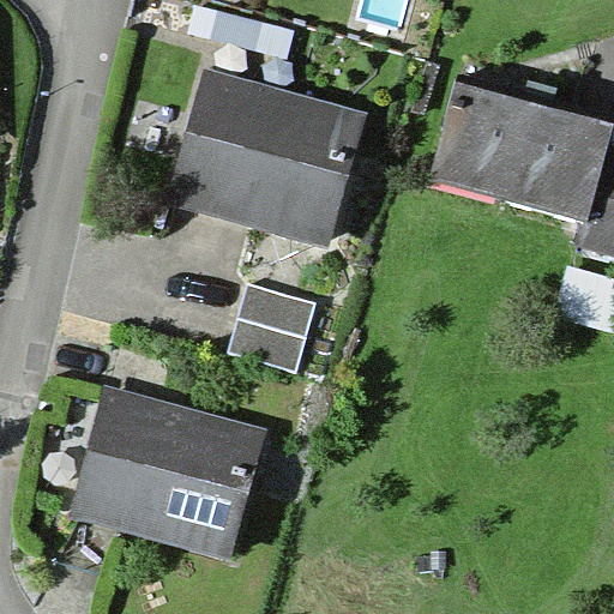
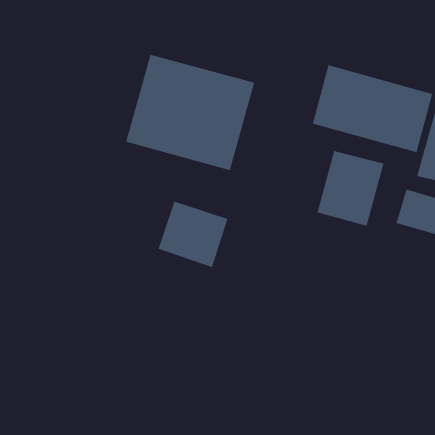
building: none -> [317,150,385,227]
building: [80,393,260,549] -> none

